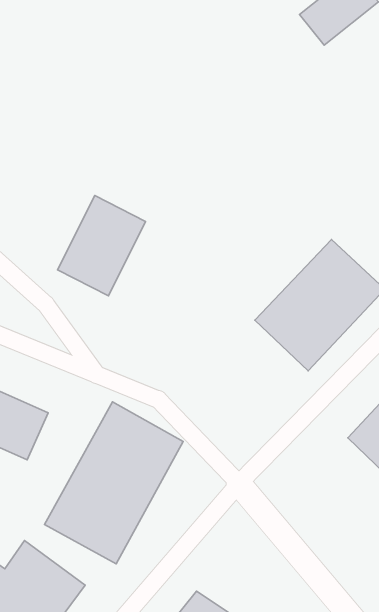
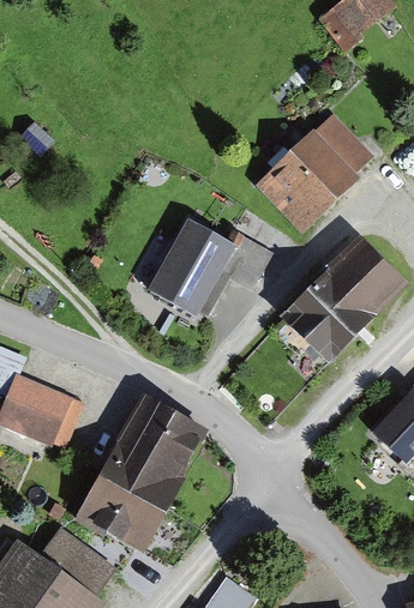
building: none -> [260,116,366,233]
building: [58,195,145,296] -> [149,219,234,317]

